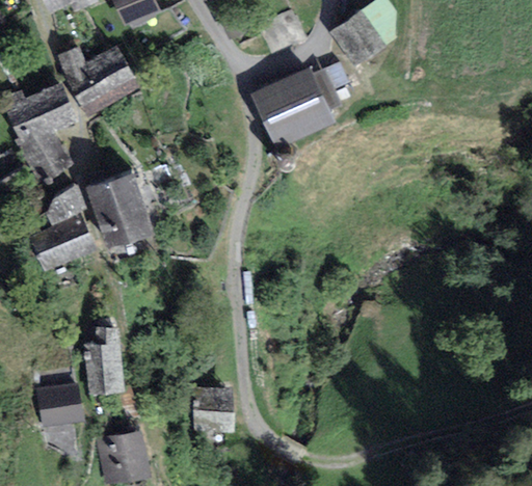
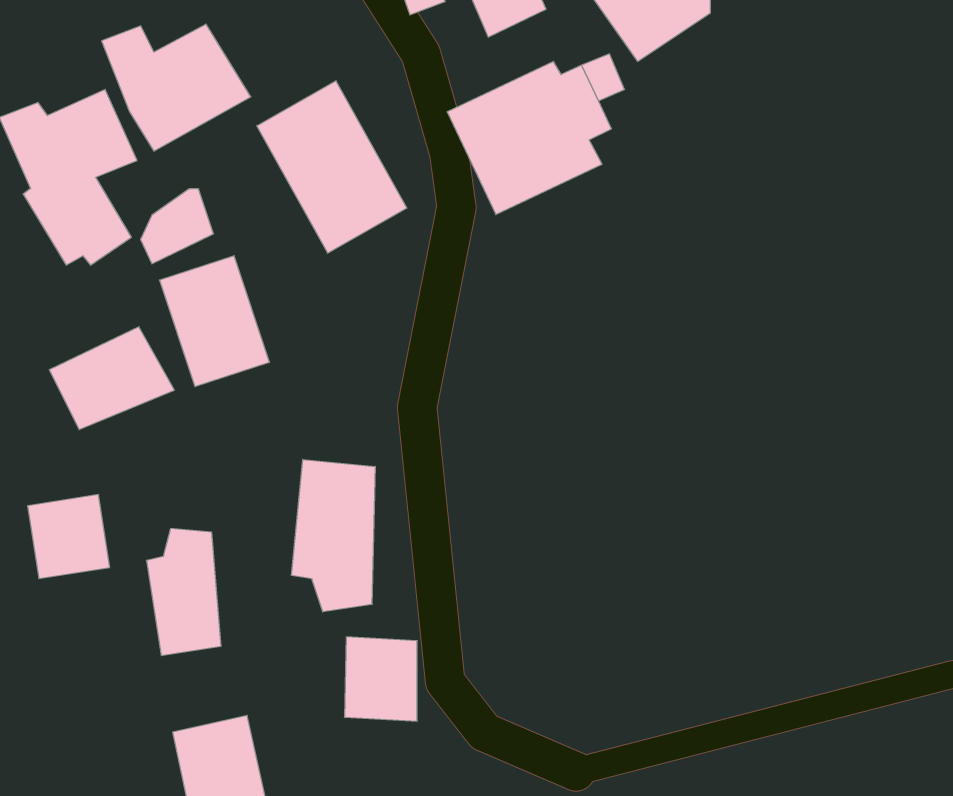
building: none -> [257,81,407,253]
building: [46,185,86,226] -> [141,189,214,264]
building: none -> [291,459,375,612]
building: [36,381,82,428] -> [28,494,110,579]

